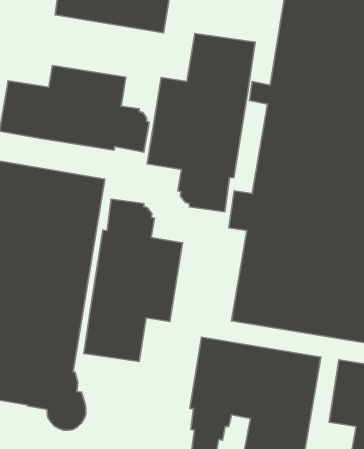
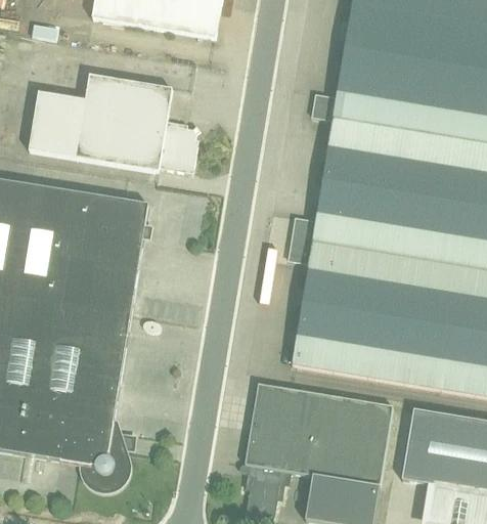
building: [147,34,255,212] -> none
building: [84,199,183,361] -> none

